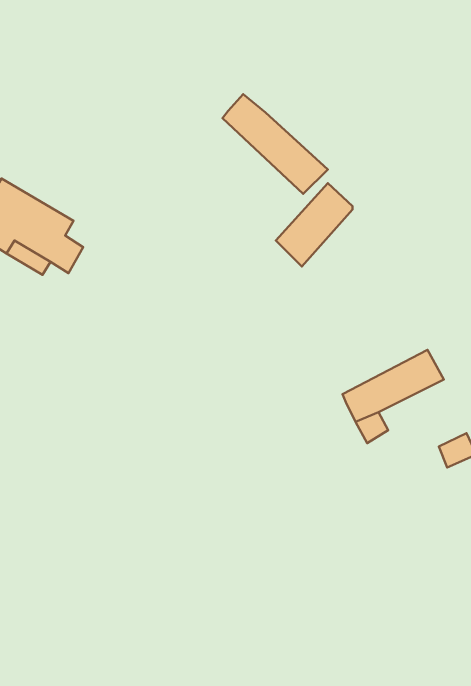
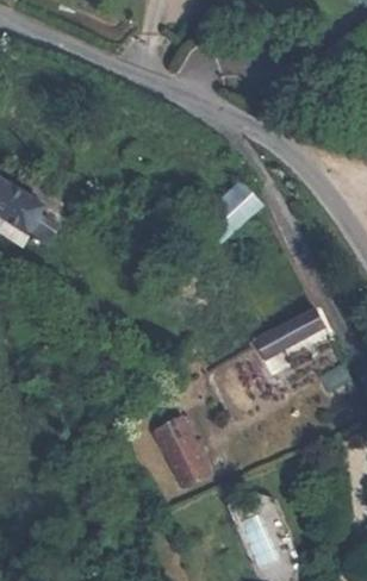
building: [223,94,328,194] -> none
building: none -> [156,414,209,481]

